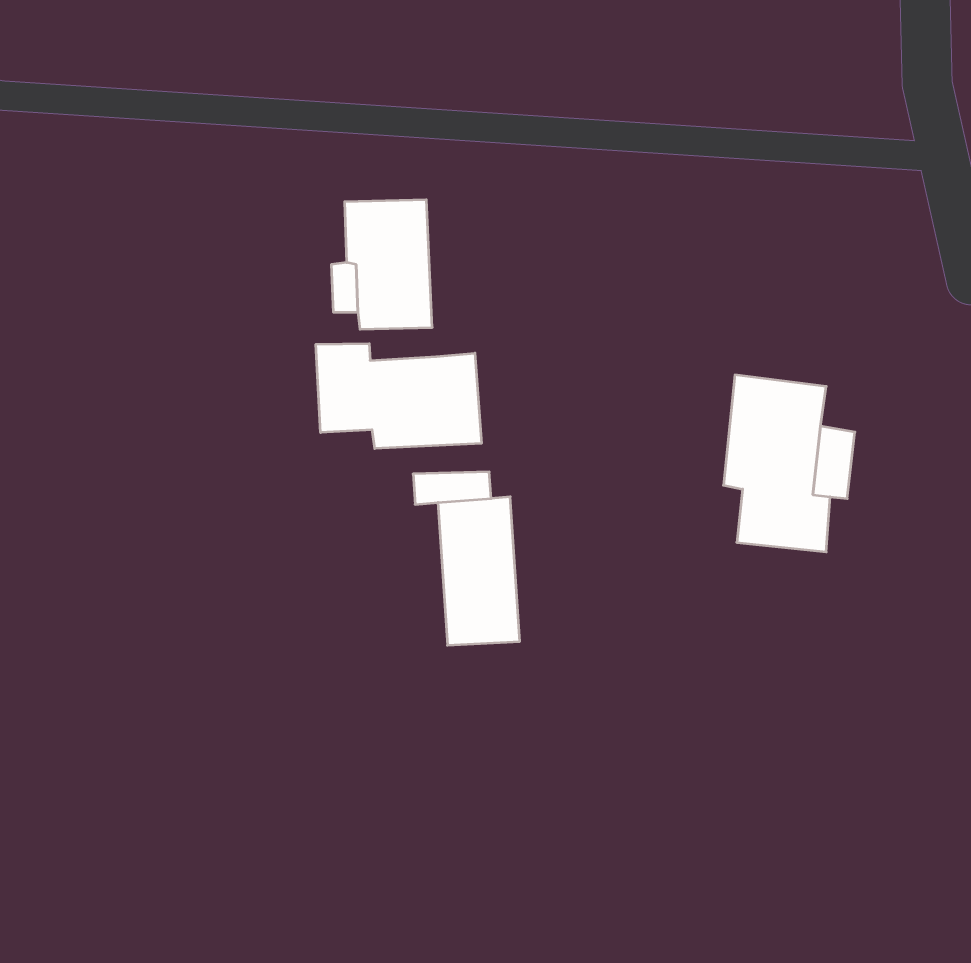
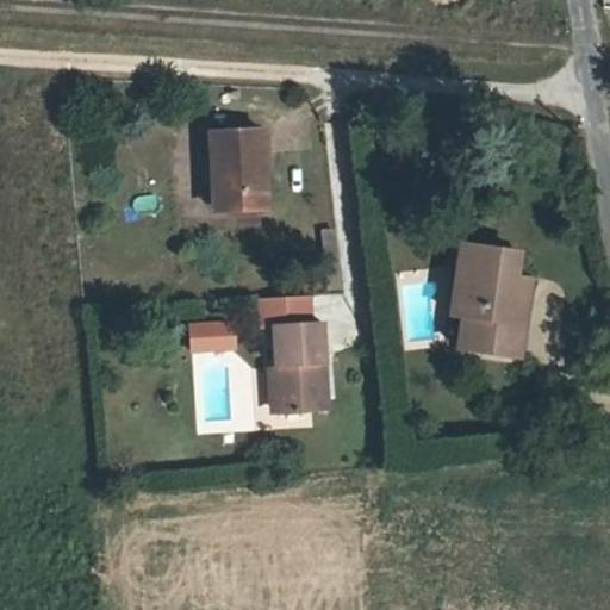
building: [316,344,481,449] -> none
building: none -> [185,325,234,357]

